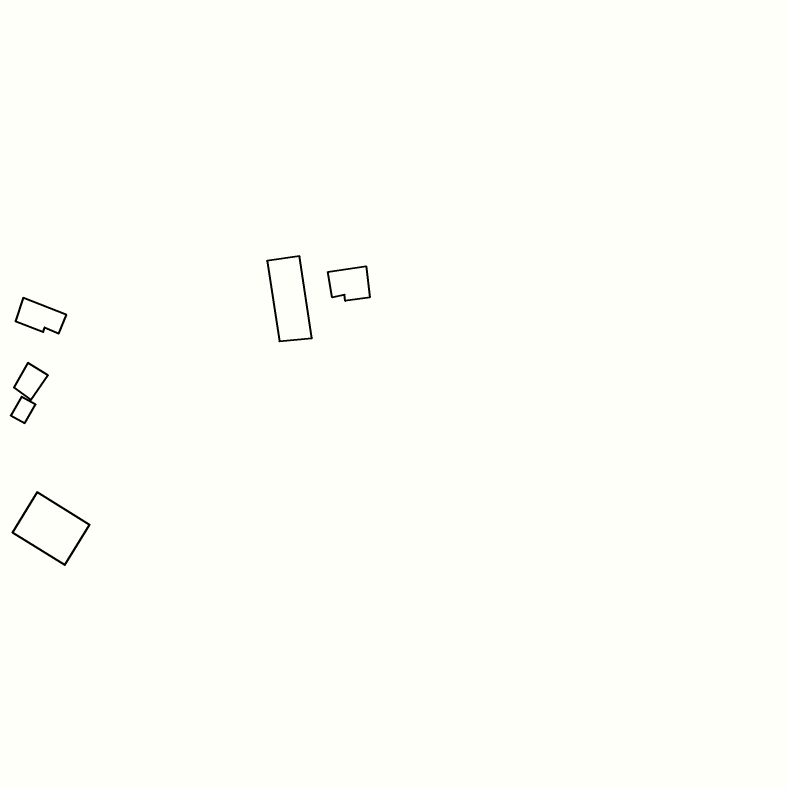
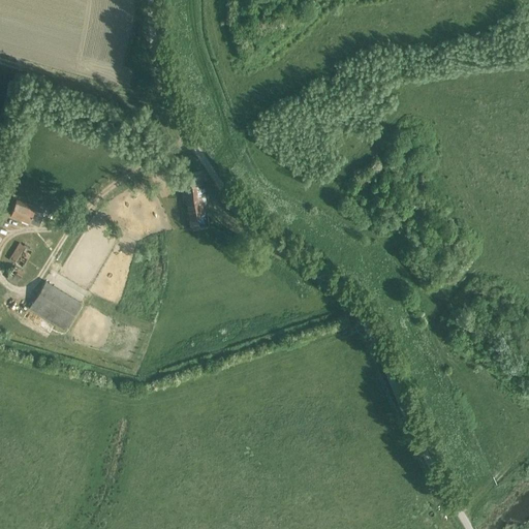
building: [328,266,370,301] -> none
building: [12,492,90,565] -> [29,281,81,330]

